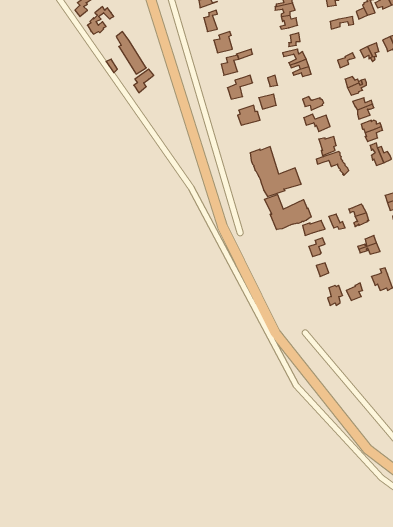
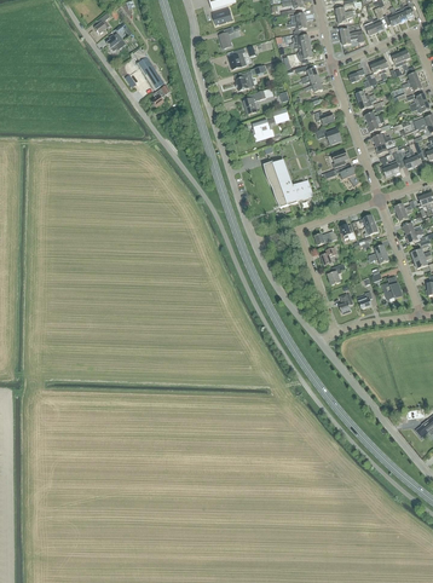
building: [265,194,311,230] -> none

